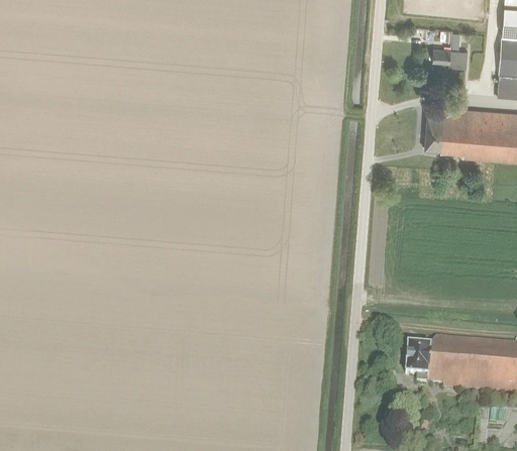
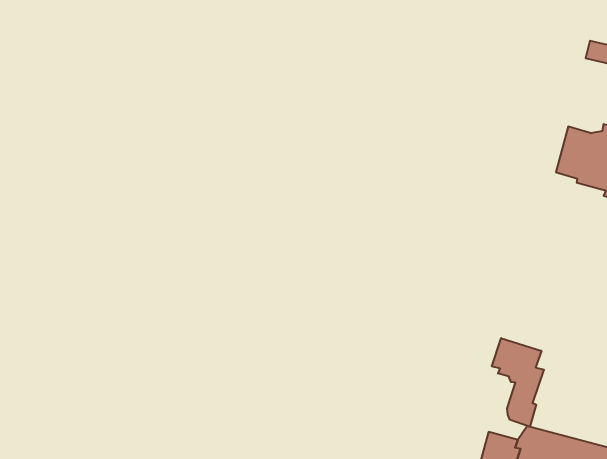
building: none -> [492,338,544,427]

